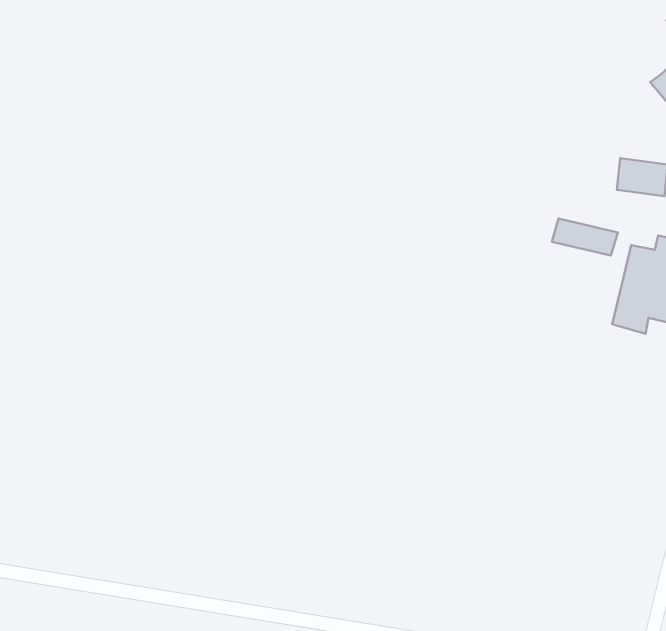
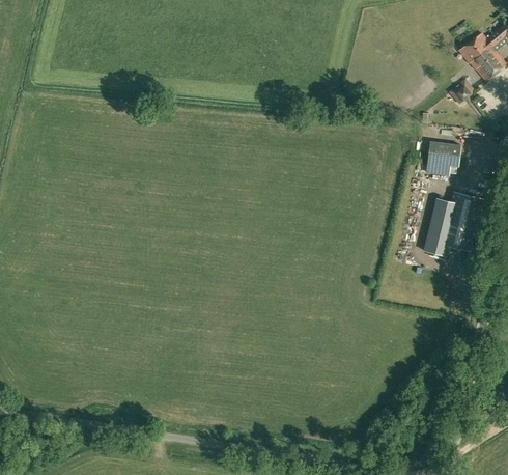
building: [552,219,618,256] -> none

